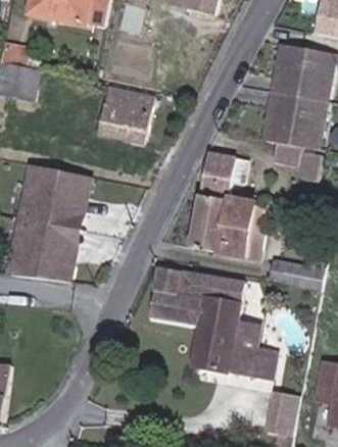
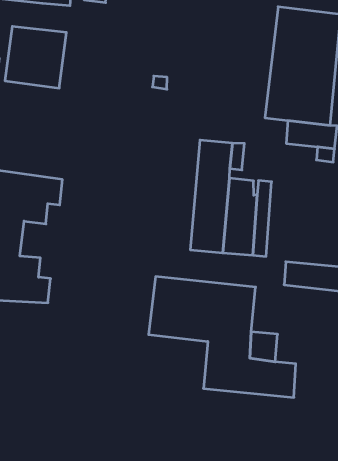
building: [97,87,153,143] -> [5,26,66,88]
building: [45,197,83,261] -> none
building: [264,391,299,432] -> none

